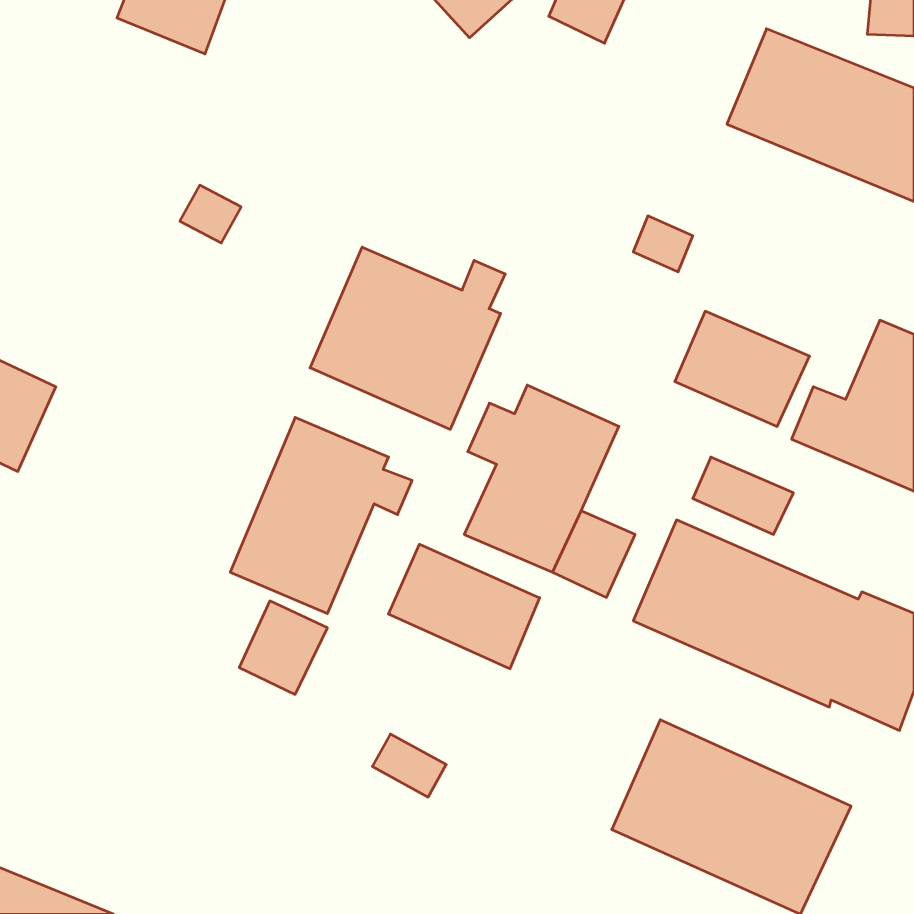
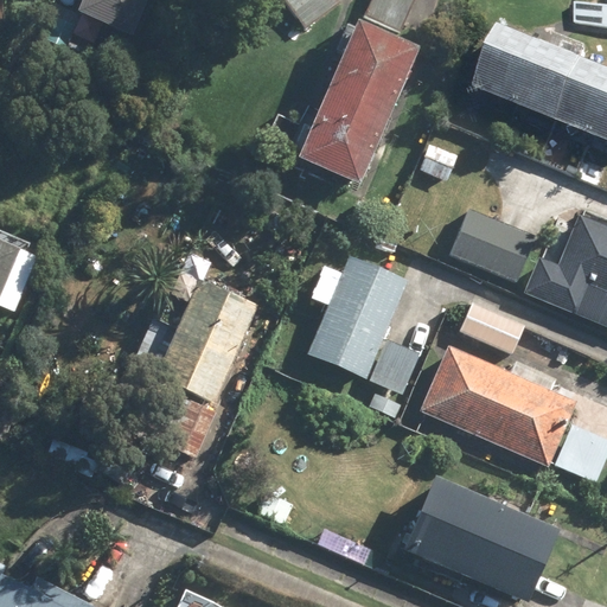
building: none -> [300,26,418,186]
building: [310,247,505,429] -> none
building: [388,544,540,669] -> none

